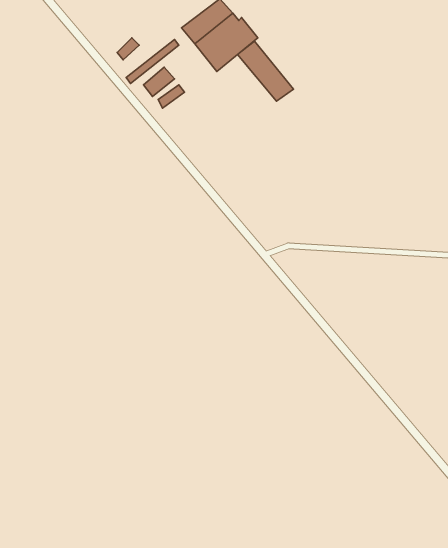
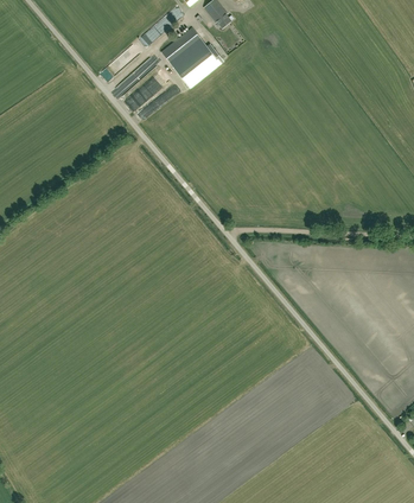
building: [237,41,294,101] -> none

